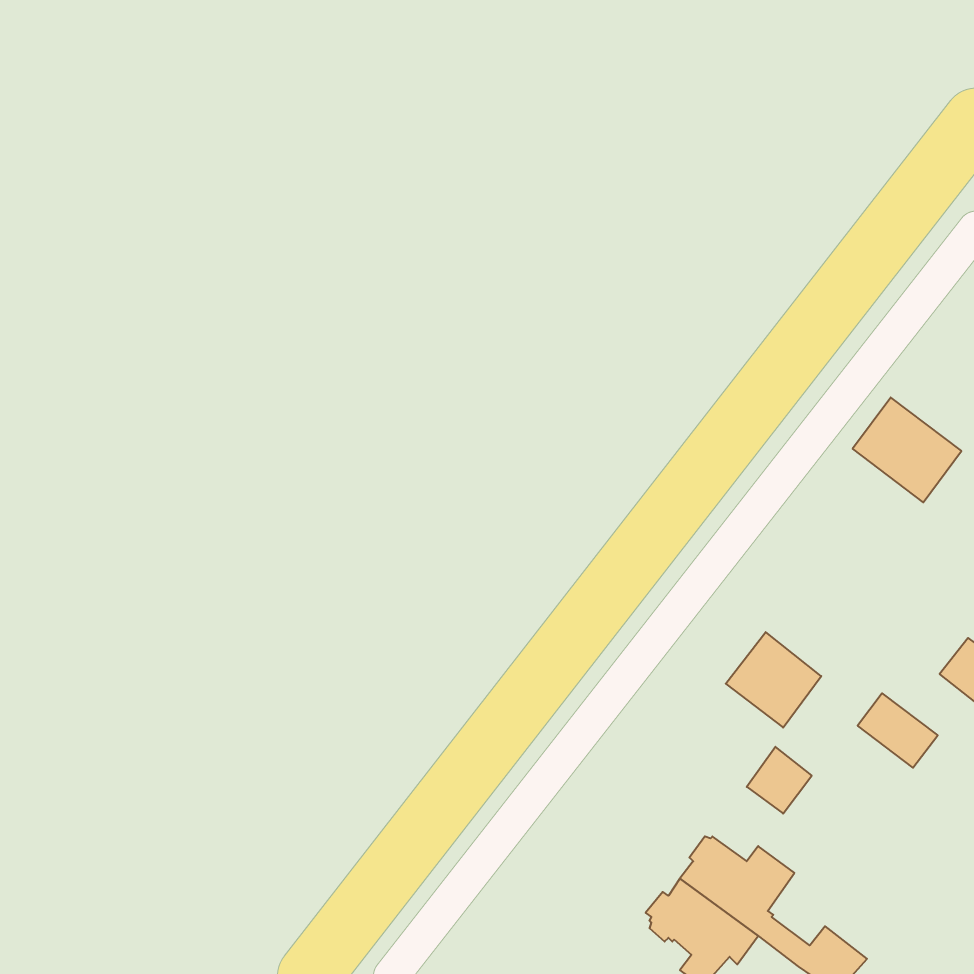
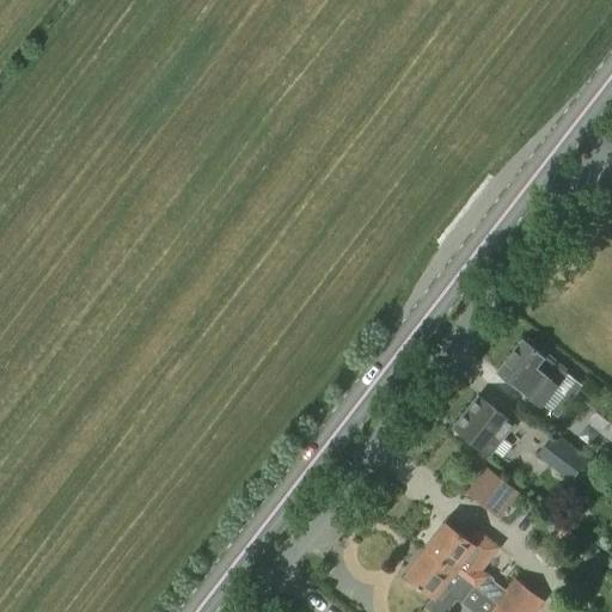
building: [853,397,961,502] -> [498,342,567,408]

